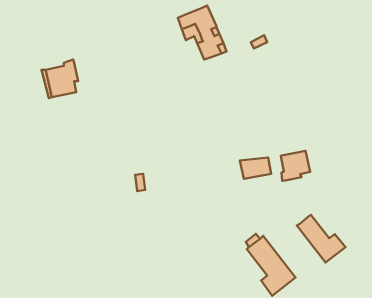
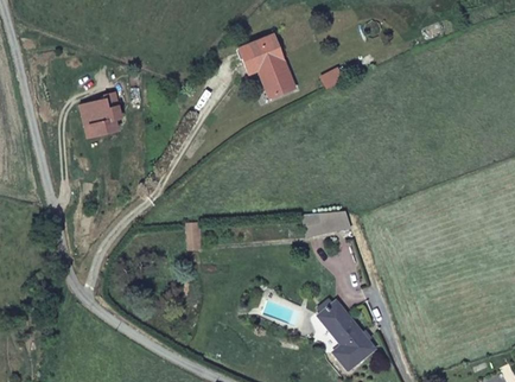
building: [281,151,310,181] -> none
building: [297,215,345,263] -> none

